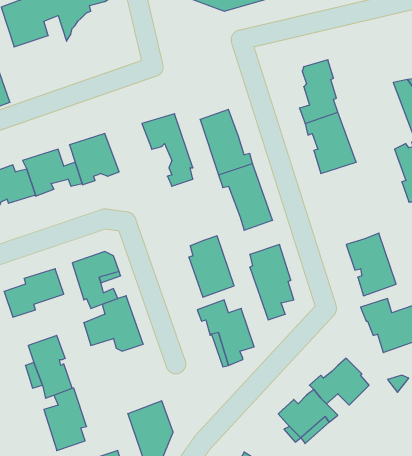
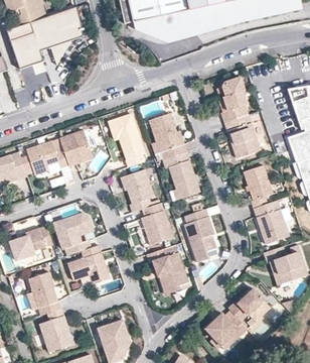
building: none -> [244,164,273,208]
building: none -> [124,169,154,213]

